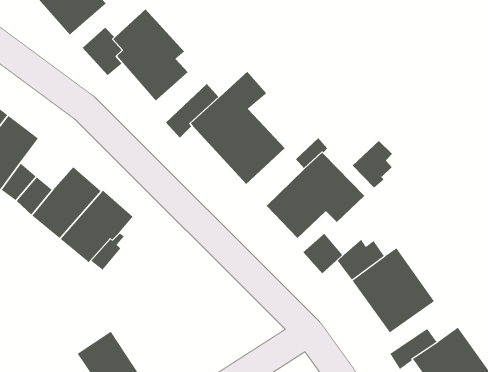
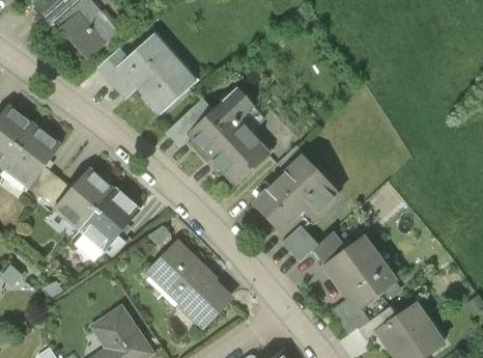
building: [352,140,393,188] -> none
building: none -> [143,240,236,332]

